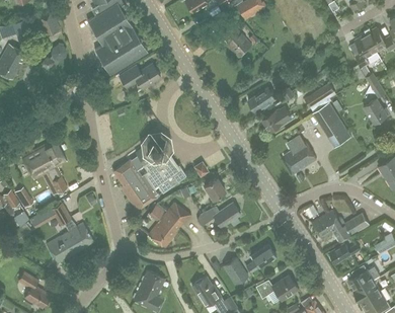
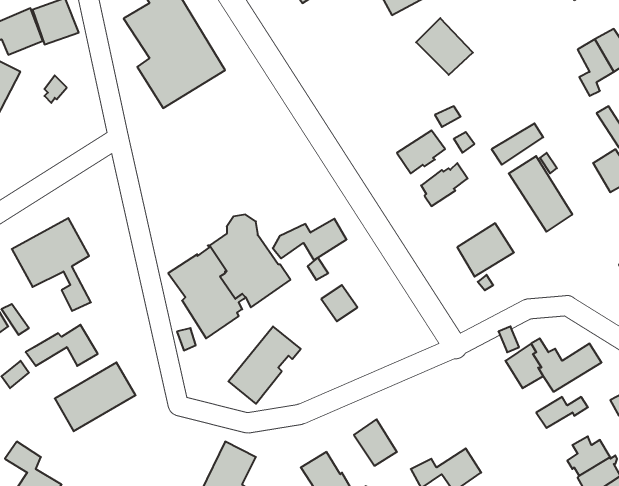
building: [219,23,252,57] -> [416,18,473,75]
building: [120,63,161,88] -> none
building: [196,202,240,226] -> [273,219,347,260]
building: [246,243,276,272] -> none

